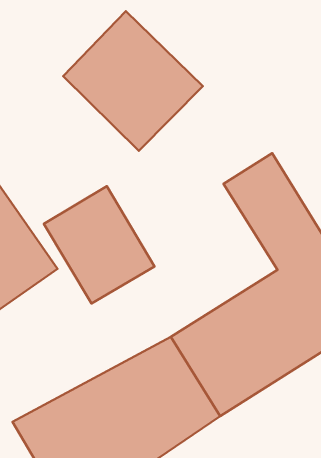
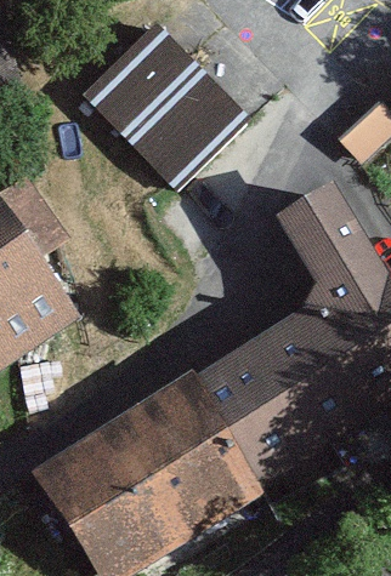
building: [44,186,154,303] -> none

